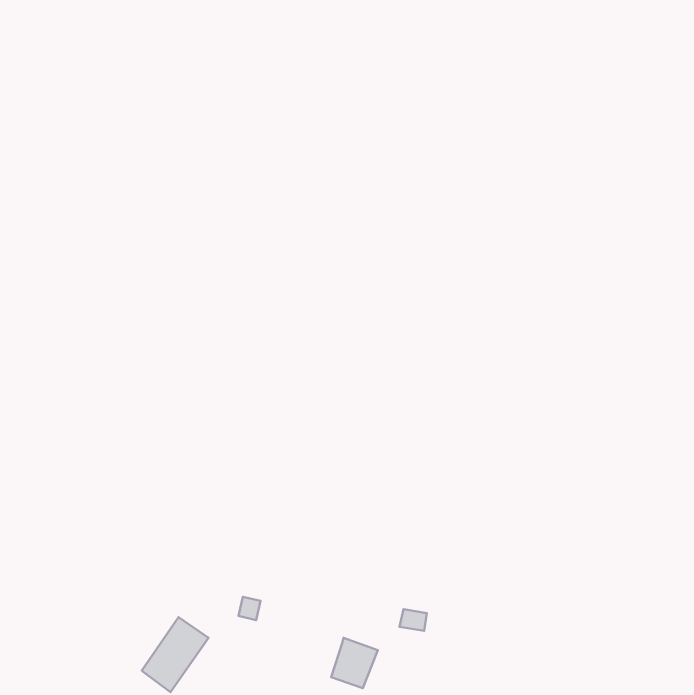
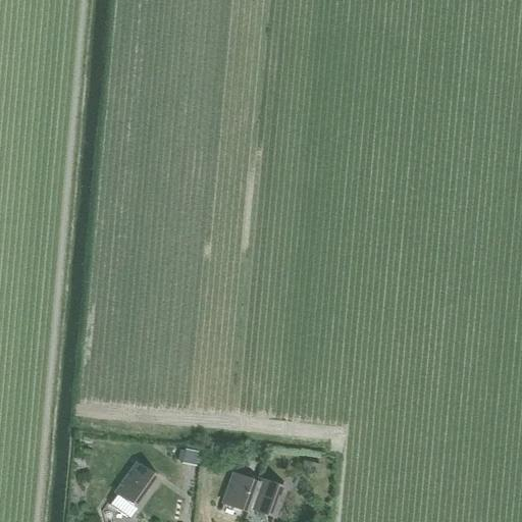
building: none -> [222,472,258,511]

